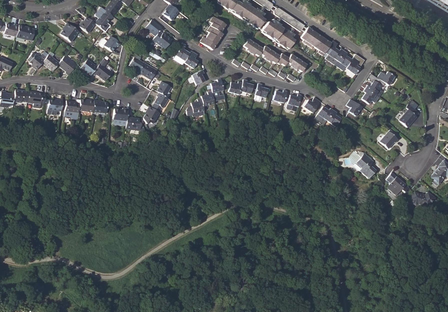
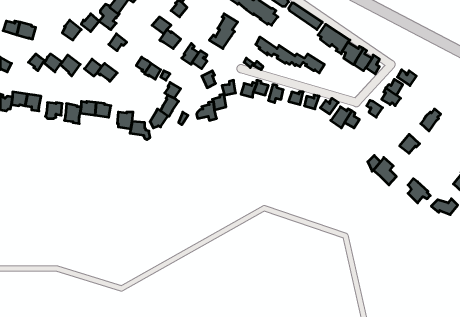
building: [261,20,295,49] -> none

